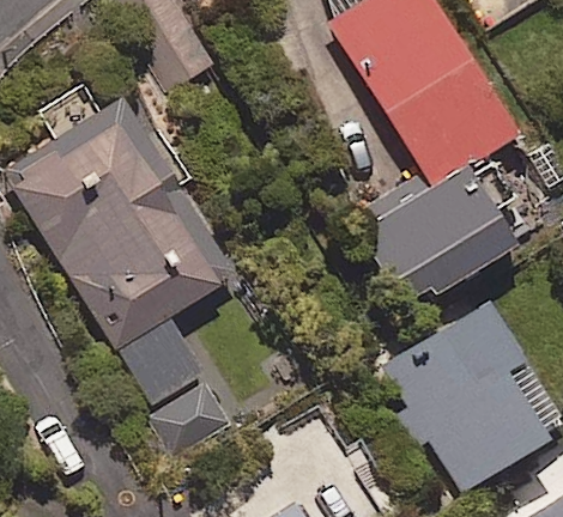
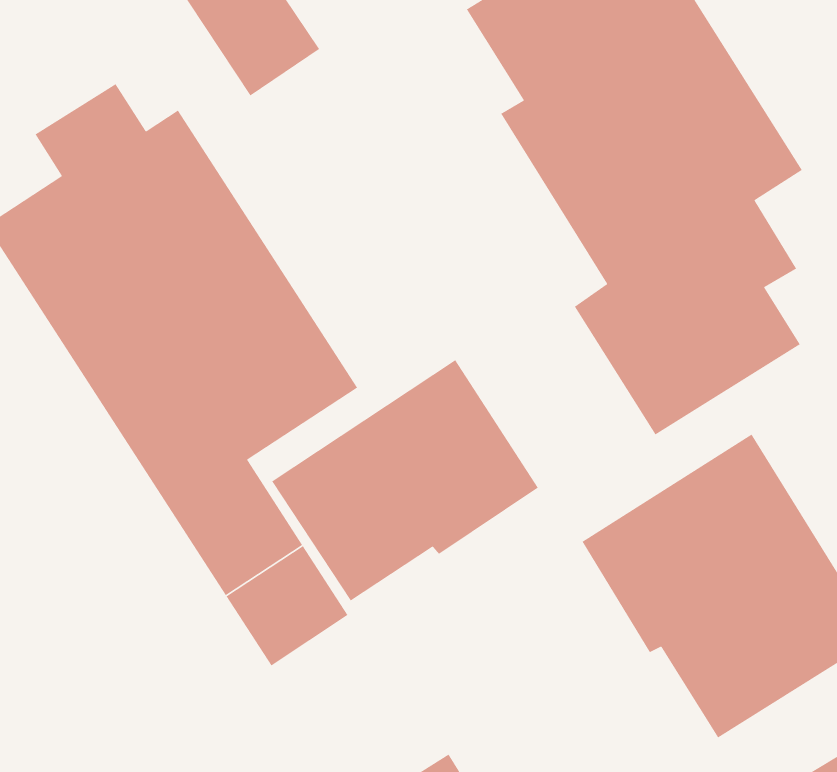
building: none -> [271,359,539,602]

